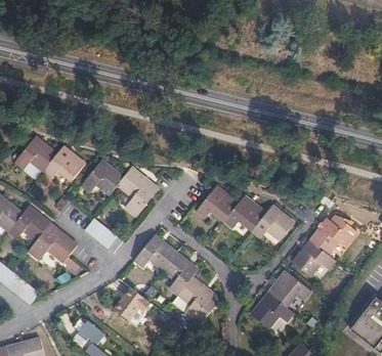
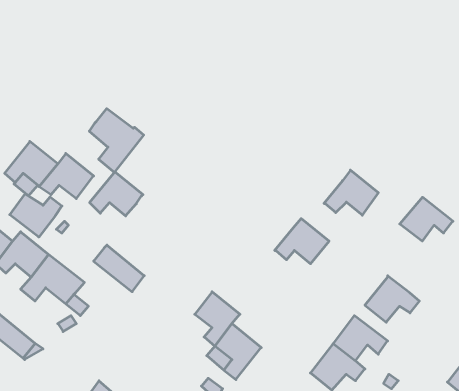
building: [118,167,160,216] -> [89,109,144,172]
building: none -> [10,194,62,237]
building: [197,185,239,220] -> none
building: [252,205,294,239] -> [324,170,378,215]
building: [311,219,352,253] -> [400,197,453,241]
building: [134,234,176,269] -> none
building: [114,286,153,320] -> none

